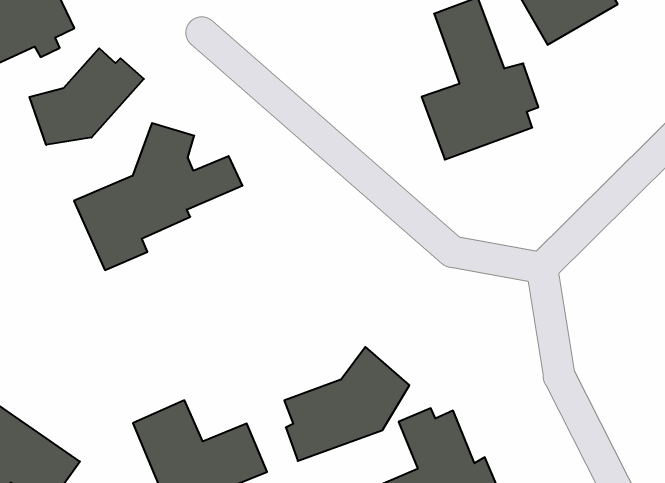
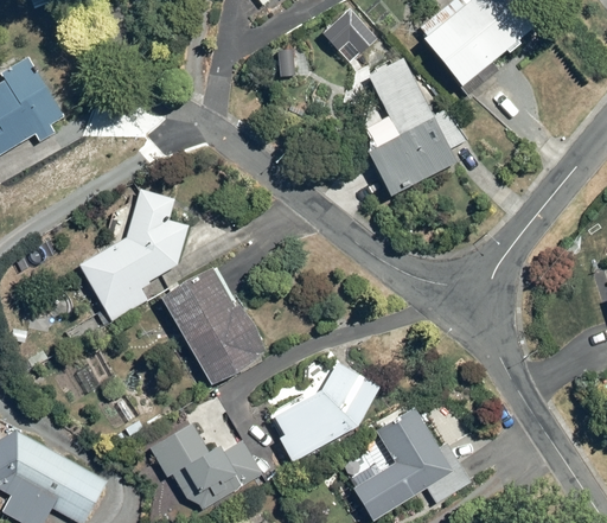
building: [29,48,144,145] -> none
building: none -> [160,263,267,387]

